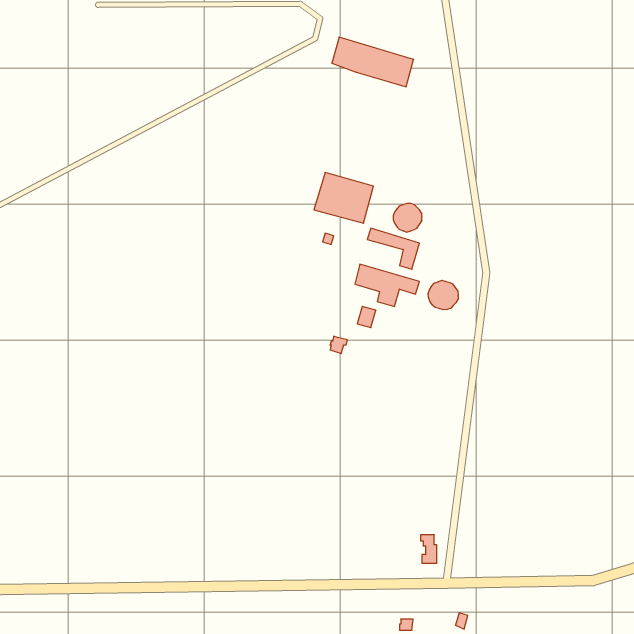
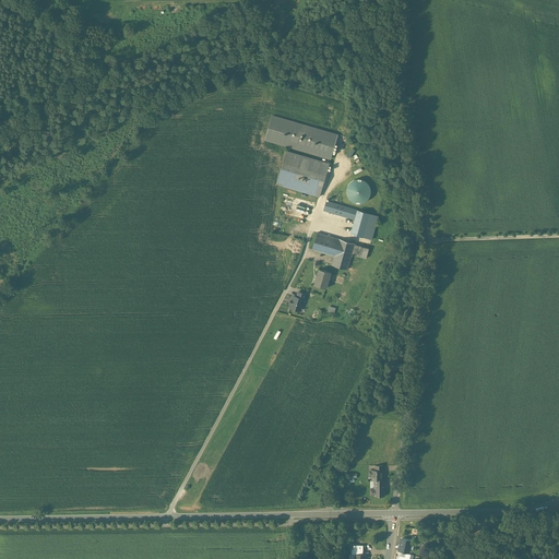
building: [332,37,414,87] -> [265,116,337,159]
building: [428,280,458,310] -> none

